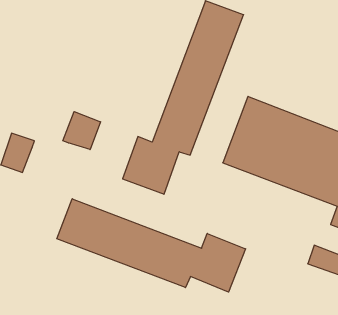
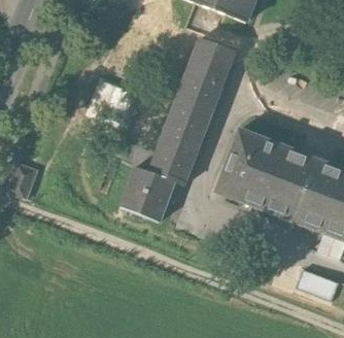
building: [63,112,101,150] -> none
building: [57,199,246,292] -> none

